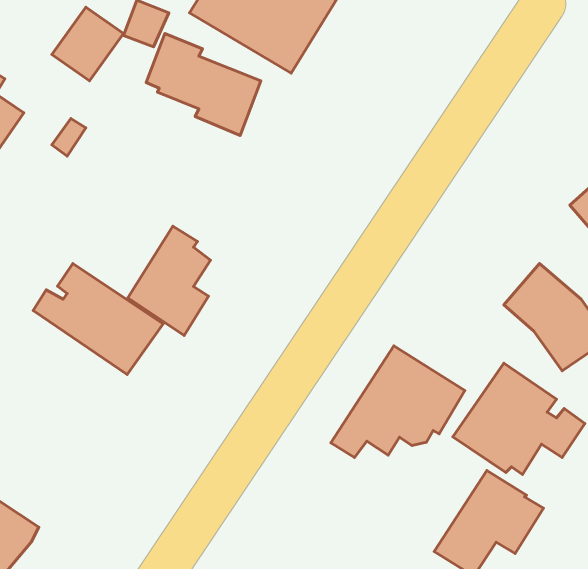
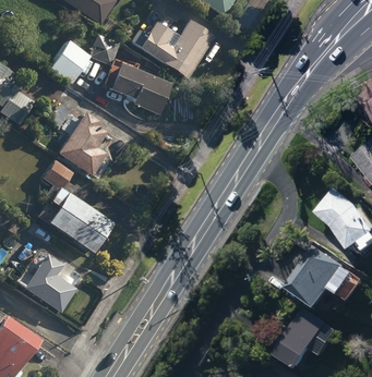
building: none -> [44,160,73,190]
building: [128,226,211,336] -> [60,112,108,175]
building: [331,346,465,458] -> none
building: none -> [25,255,83,313]

